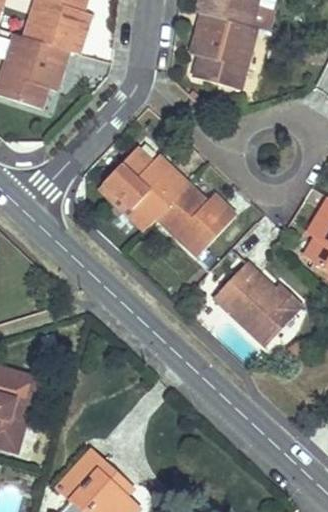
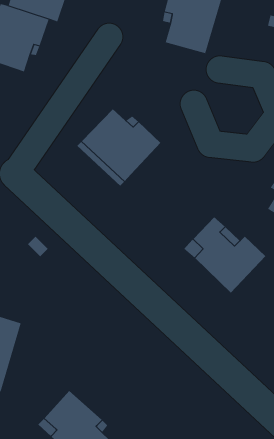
building: [158,184,235,255] -> none

